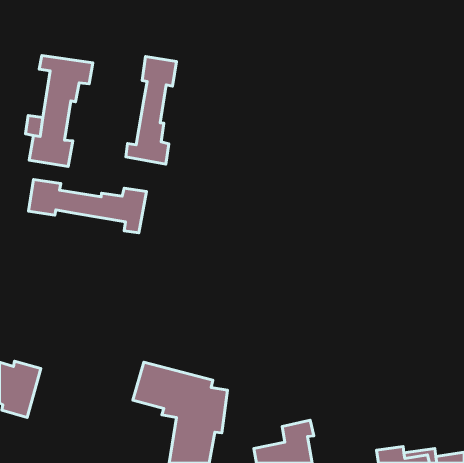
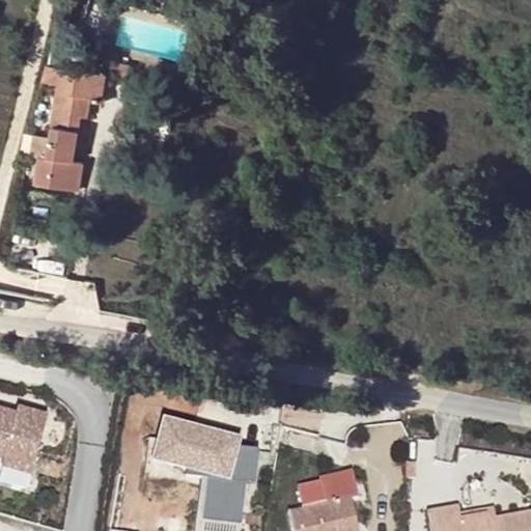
building: [126,56,176,164] -> none
building: [28,179,147,233] -> none

